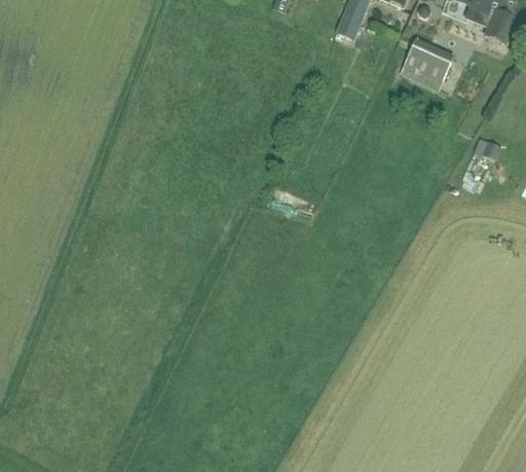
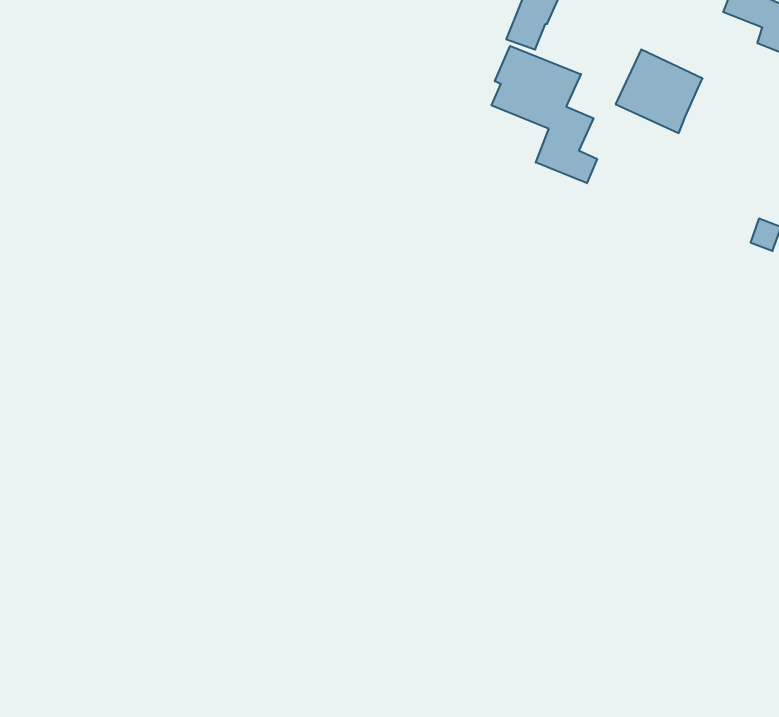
building: none -> [492,46,597,183]

